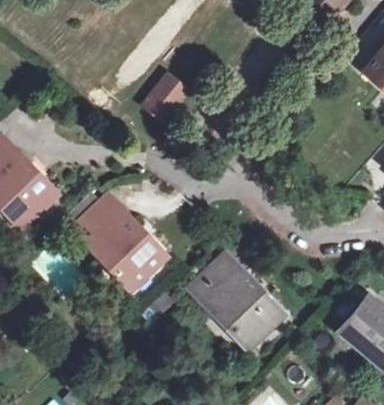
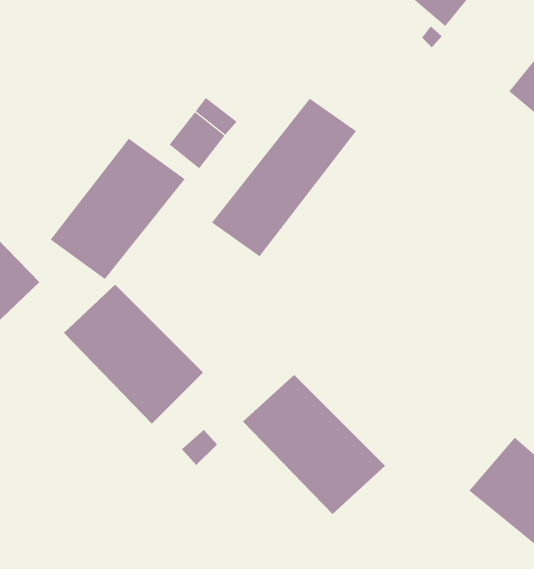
building: none -> [211,98,357,257]
building: none -> [50,138,185,280]

